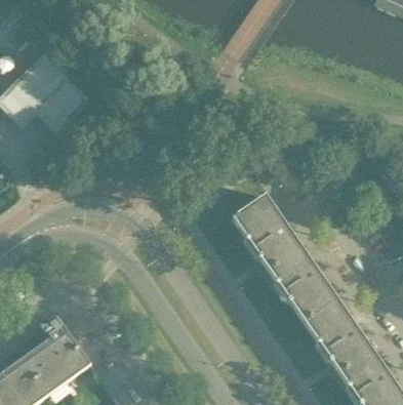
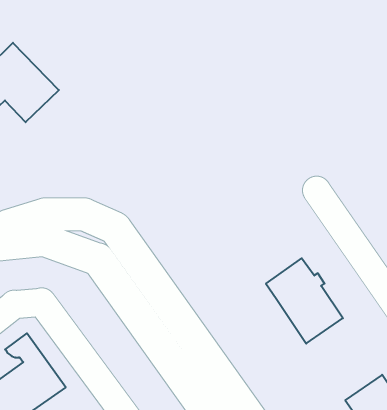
building: [232,193,301,270] -> none
building: [306,300,373,373] -> none

